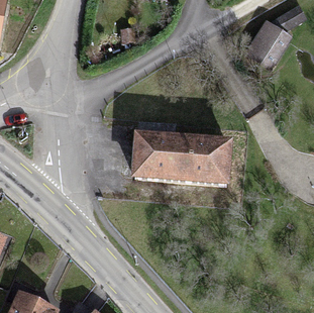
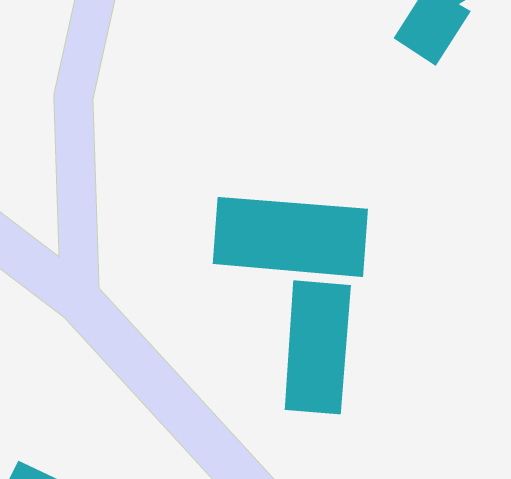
building: none -> [284,280,351,415]

